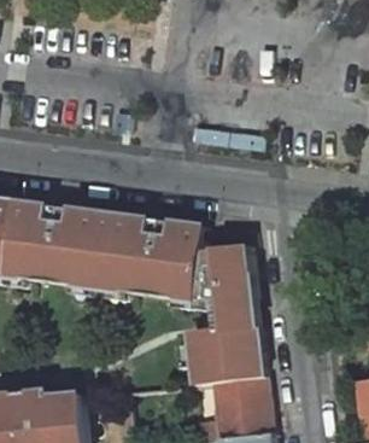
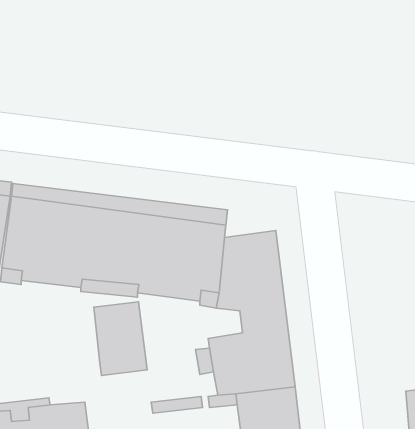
building: none -> [94,302,147,376]

